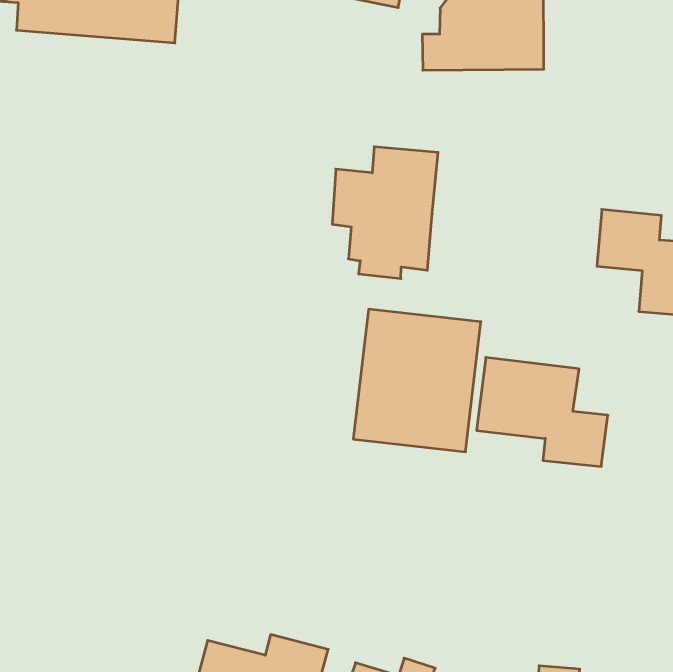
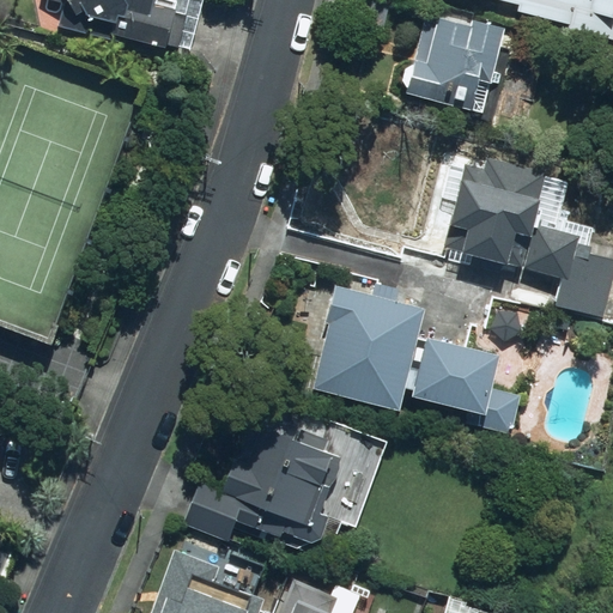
building: [332,147,438,279] -> [451,163,545,274]
building: none -> [213,414,338,539]

